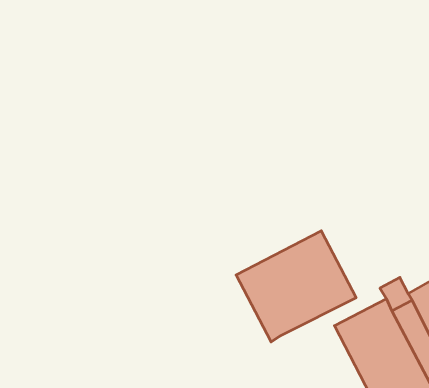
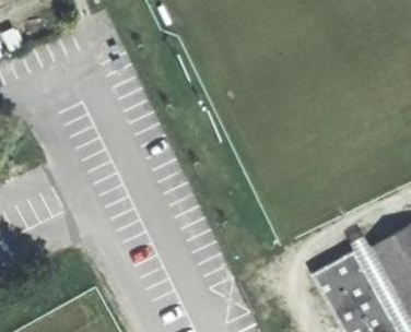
building: [236,231,356,342] -> none

